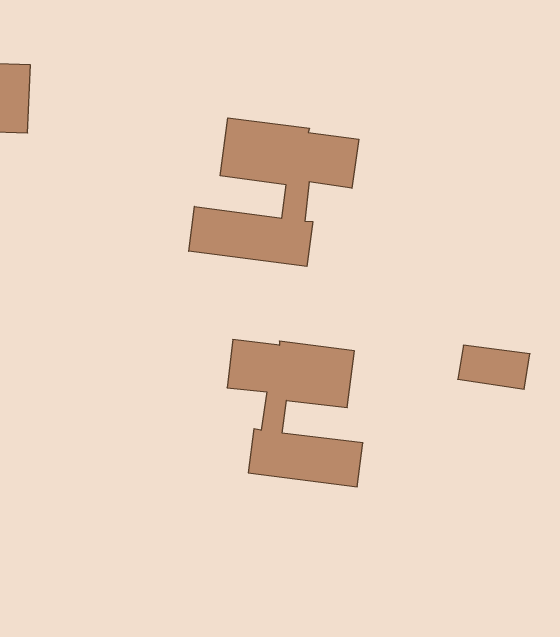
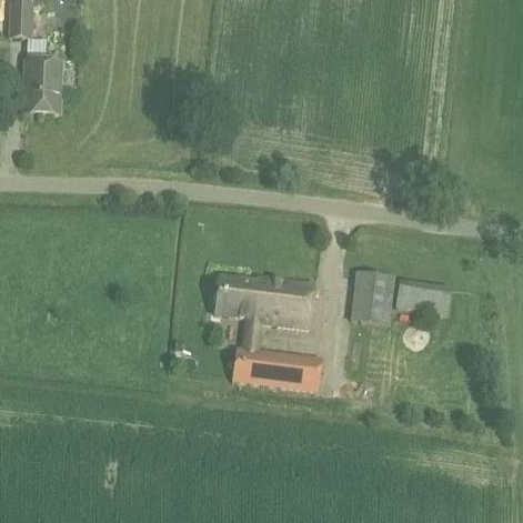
building: [189,118,359,266] -> none
building: none -> [349,269,394,324]

